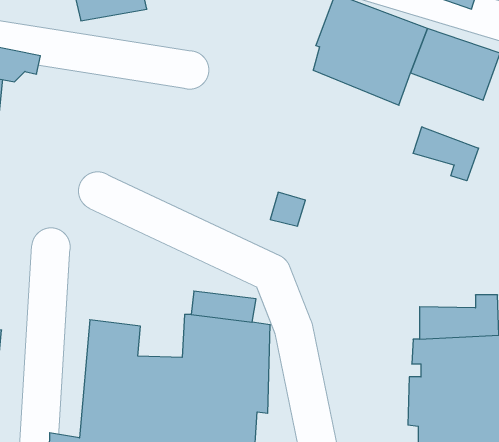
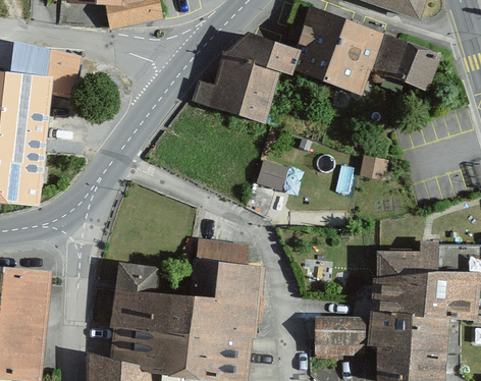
building: none -> [195,33,299,122]
building: [413,127,479,181] -> none
building: none -> [315,317,365,344]

